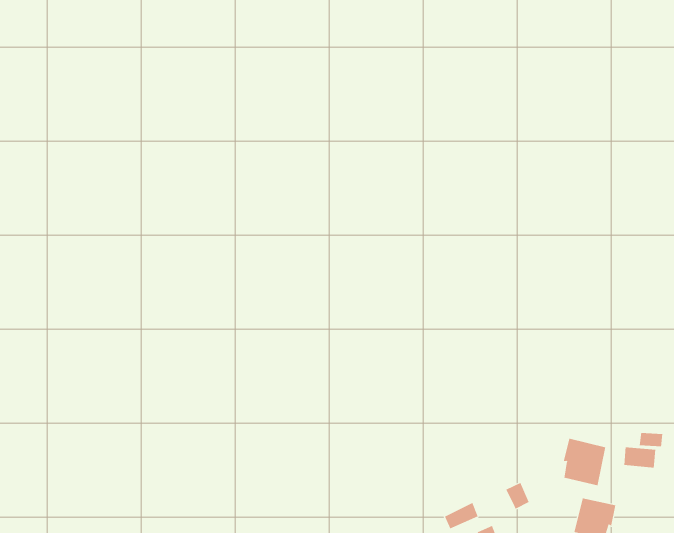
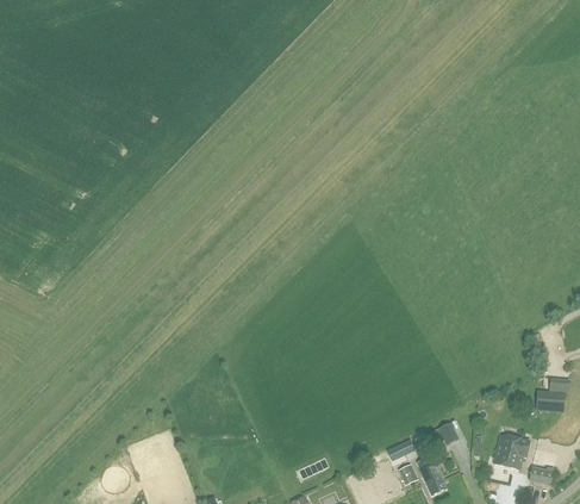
building: [563,438,606,486] -> none

